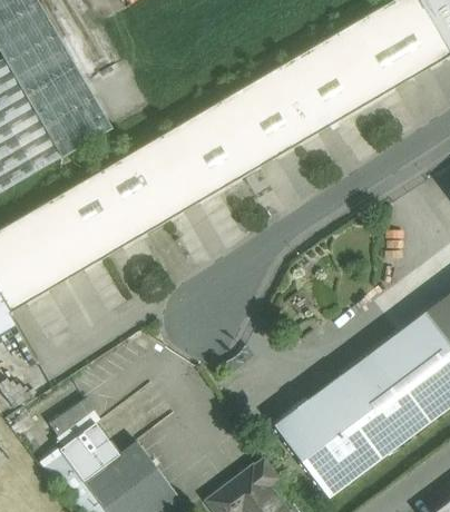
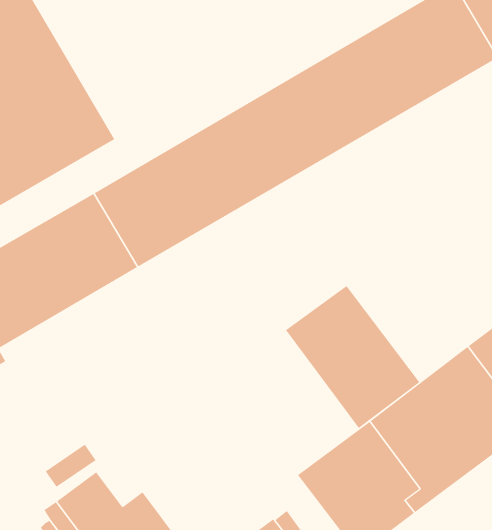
building: none -> [285,285,420,429]

